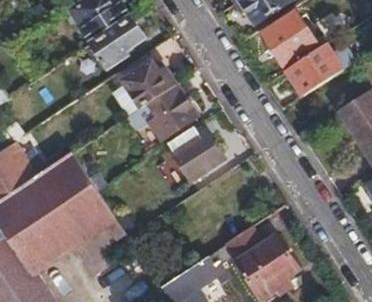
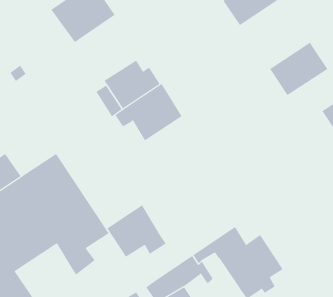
building: [260,9,318,66] -> none
building: [90,15,145,68] -> none
building: [171,129,231,182] -> [107,204,166,258]

